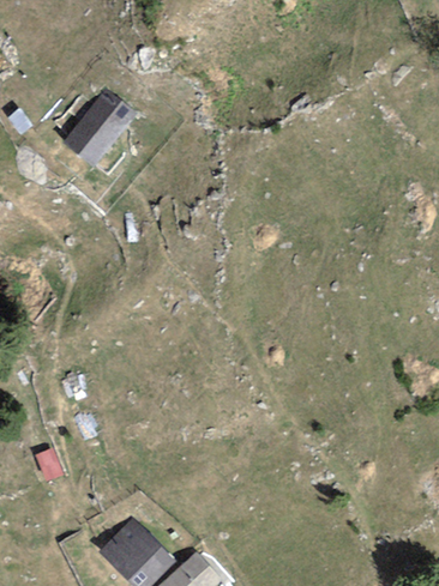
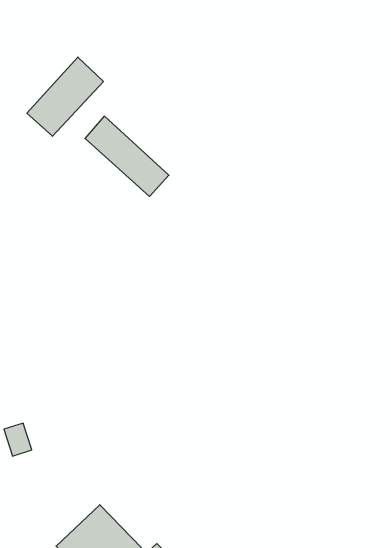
building: none -> [85,116,169,196]

